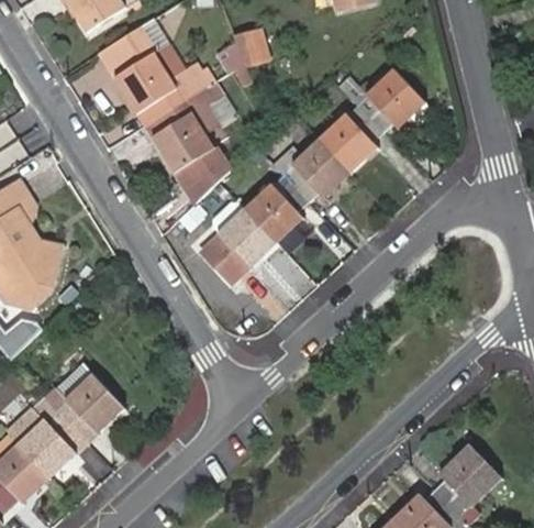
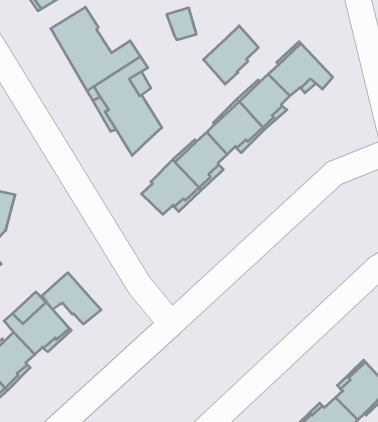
building: none -> [203,26,258,84]
building: none -> [42,273,101,324]

